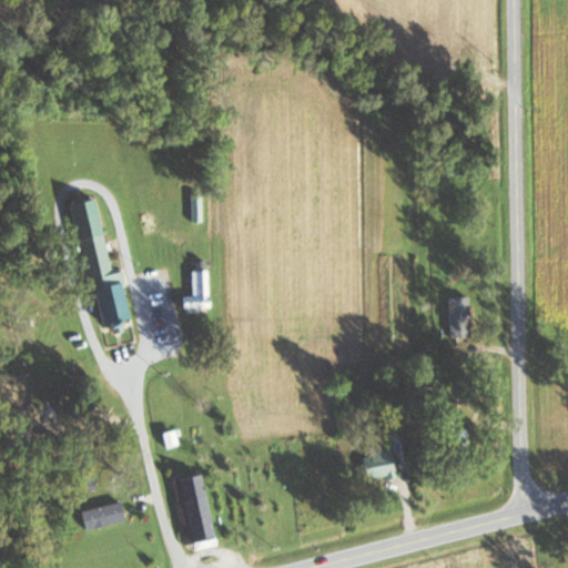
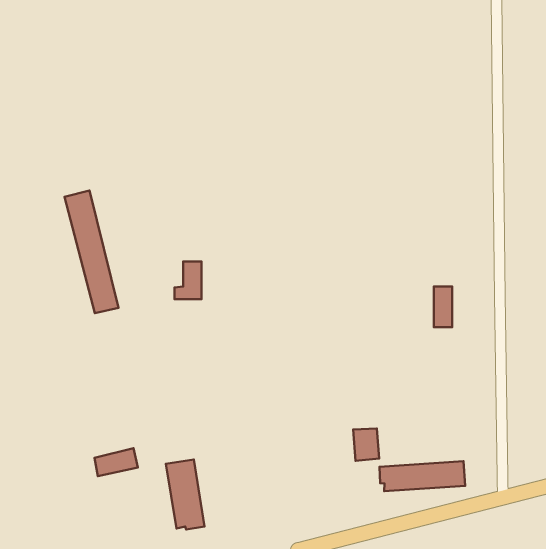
building: none -> [379,461,465,491]
building: [83,501,128,530] -> [95,448,138,476]

